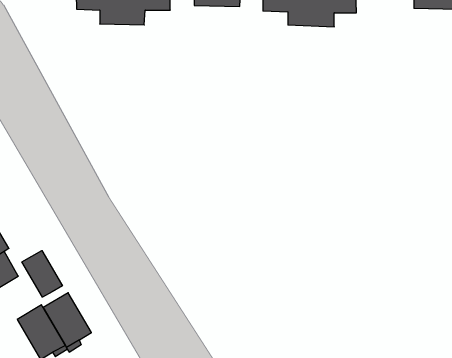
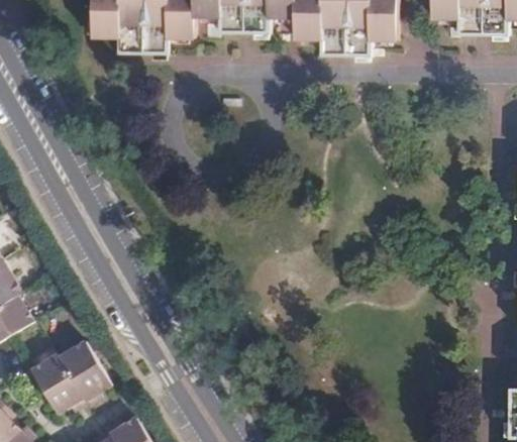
building: [22,251,62,297] -> none

